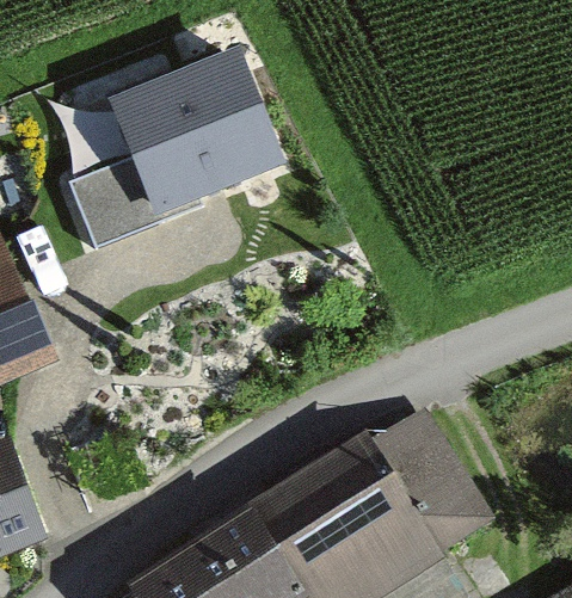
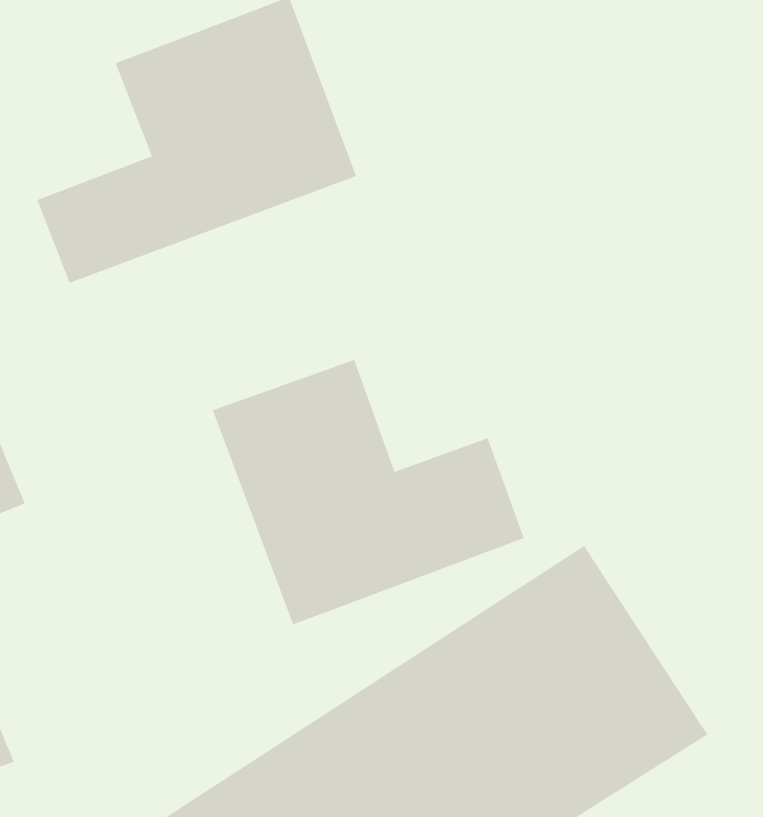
building: none -> [212,359,524,625]

